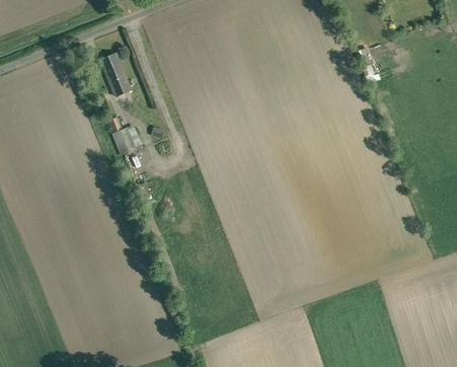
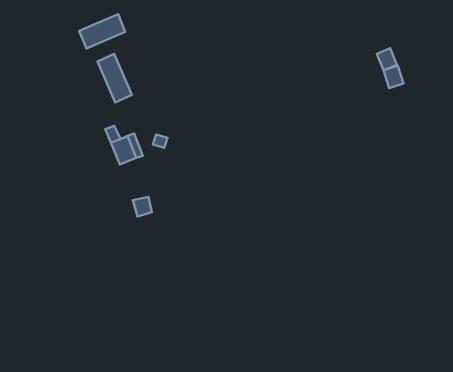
building: none -> [79,14,125,48]

